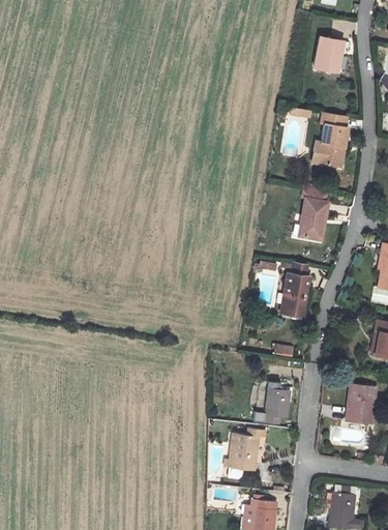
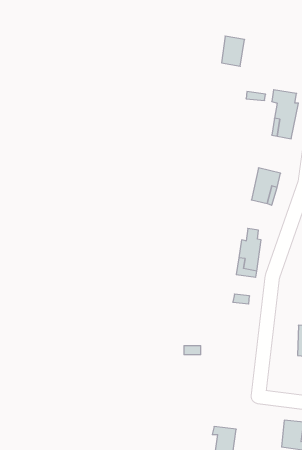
building: [319,34,346,69] -> [222,36,245,66]
building: [263,387,289,422] -> none
building: [225,432,258,468] -> none

